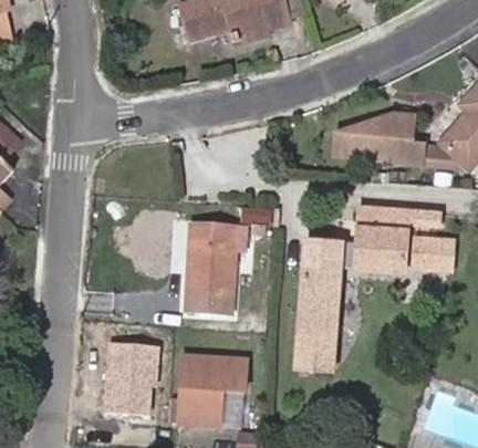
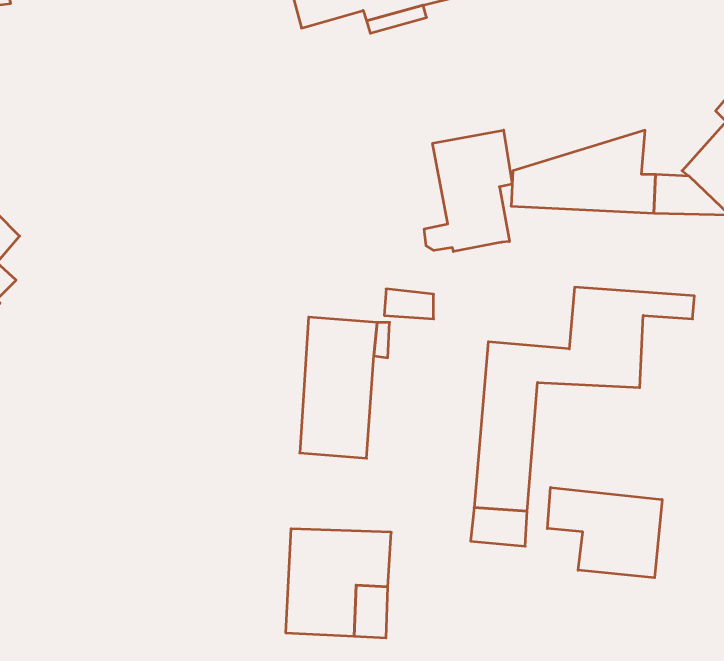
building: none -> [424,130,512,252]
building: [414,239,450,268] -> none
building: none -> [547,487,662,578]
building: [103,345,156,417] -> none

